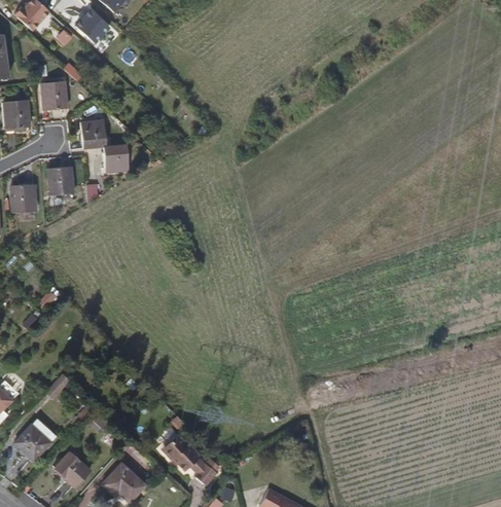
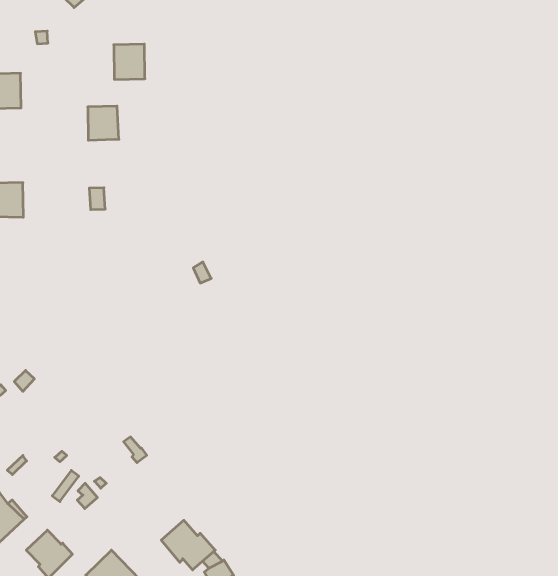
building: [41,80,67,109] -> [114,44,145,79]
building: [103,143,129,171] -> none
building: [47,166,73,194] -> none

